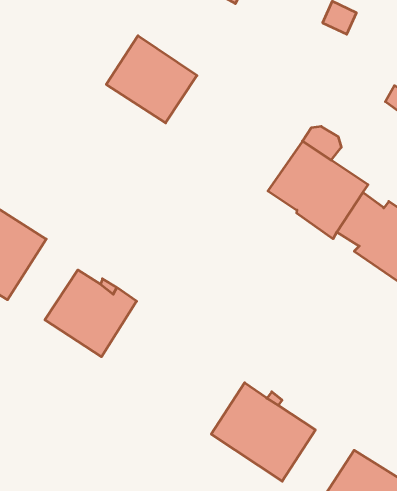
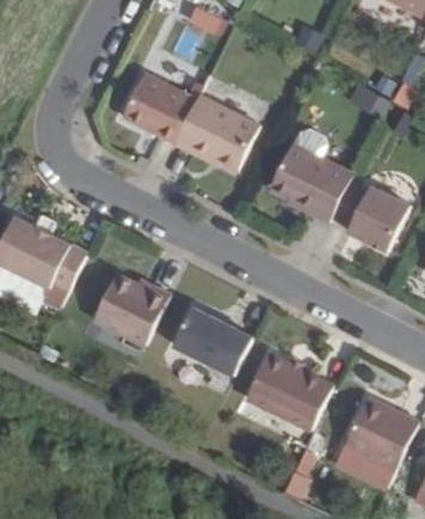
building: none -> [174,95,258,171]
building: none -> [171,307,252,376]

